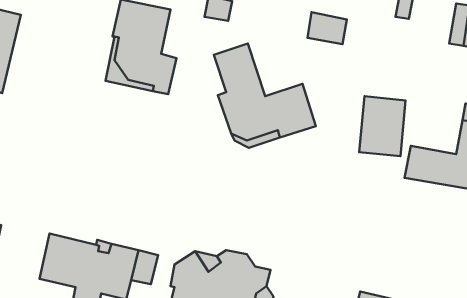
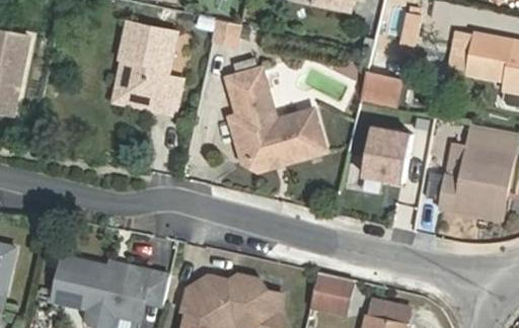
building: [307,12,347,44] -> [361,71,399,102]
building: none -> [308,269,352,312]

